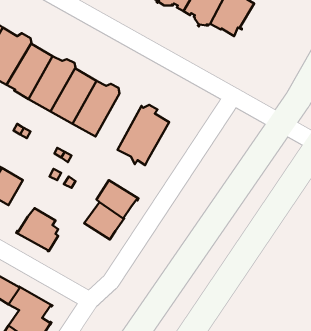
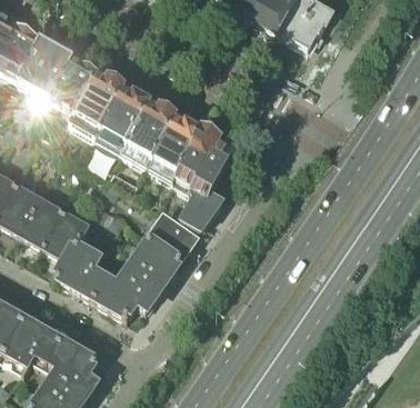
building: none -> [147,113,200,179]
building: none -> [180,190,222,230]
building: none -> [46,215,87,257]
building: none -> [92,265,163,317]

